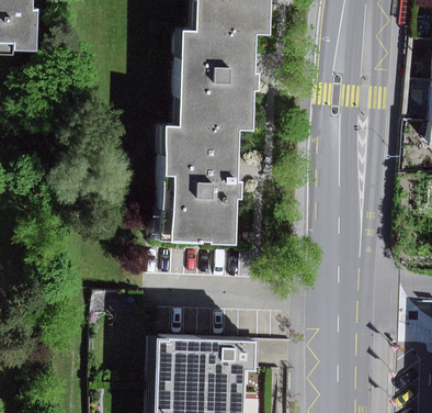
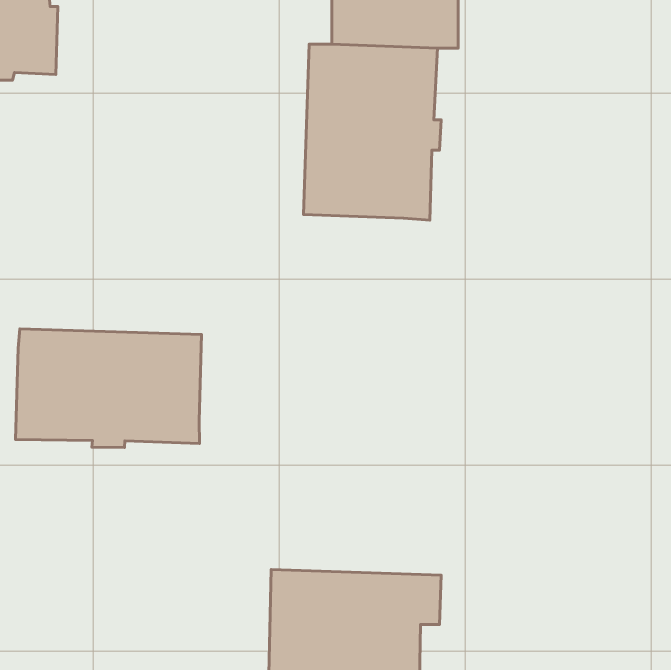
building: [164,131,242,246] -> none
building: none -> [16,329,201,447]

